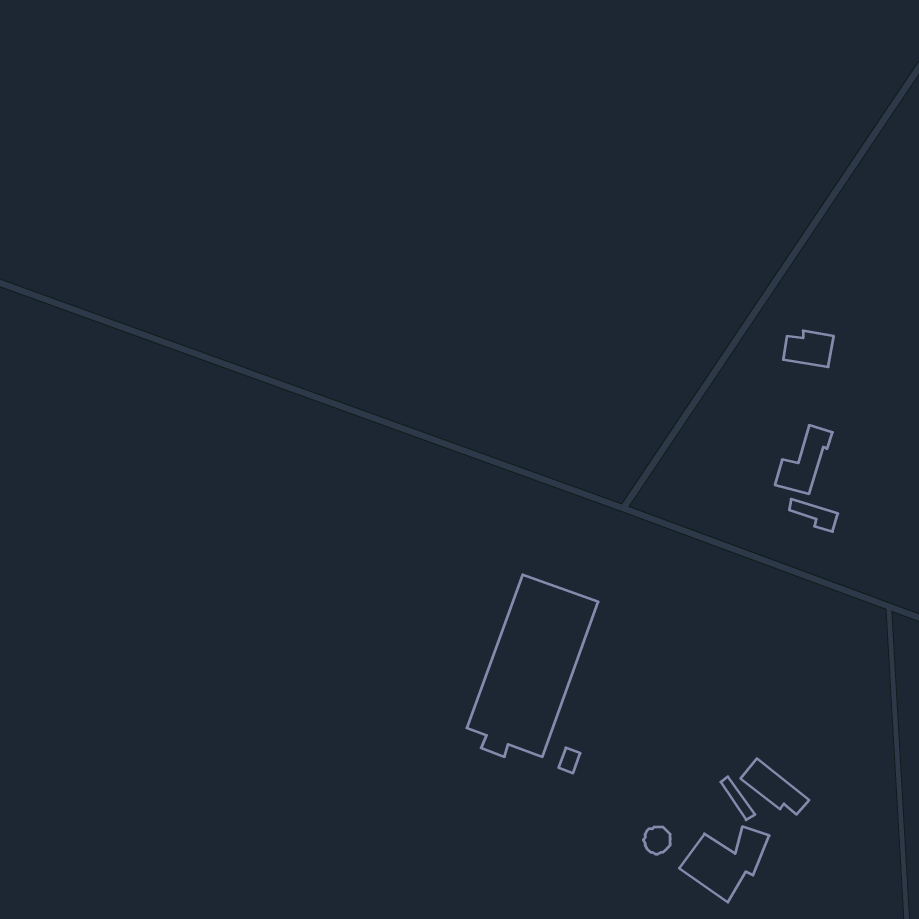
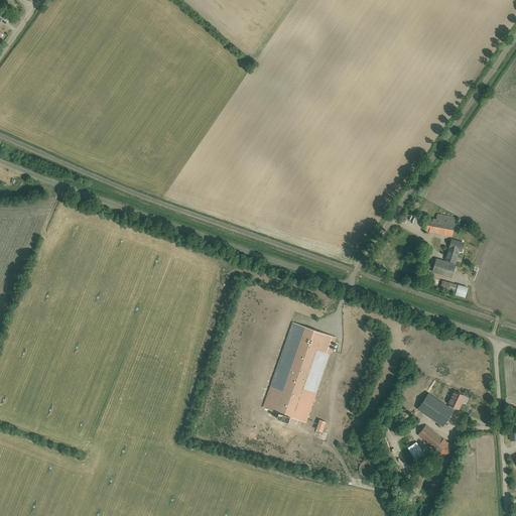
building: [783,331,834,367] -> [424,216,453,236]
building: [679,827,769,902] -> [415,386,466,428]

